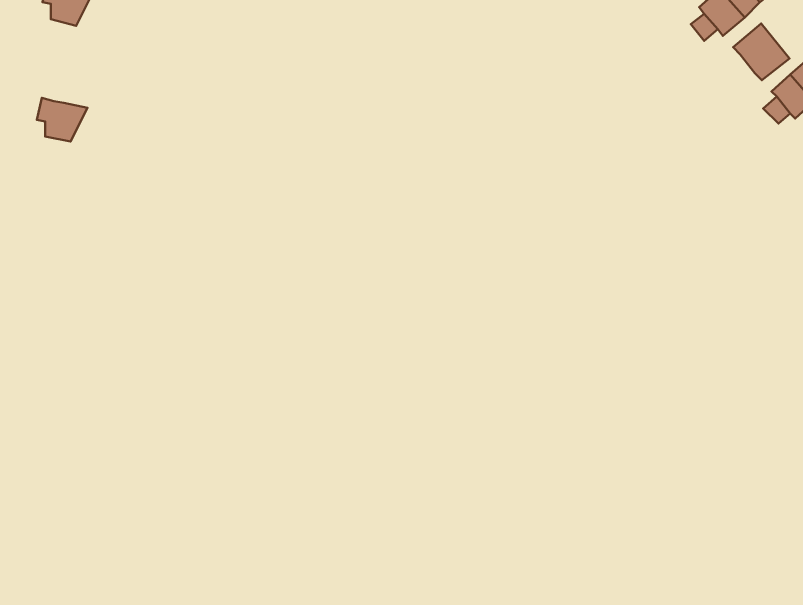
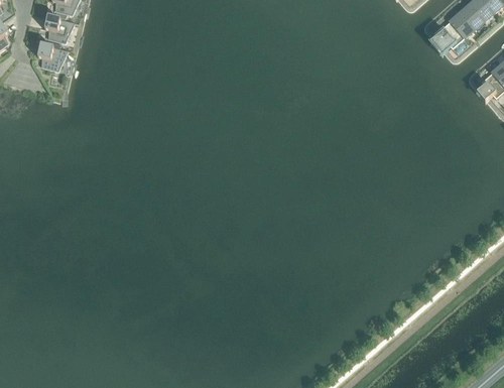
building: [733,23,789,80] -> none
building: [37,98,87,142] -> [38,41,69,68]

